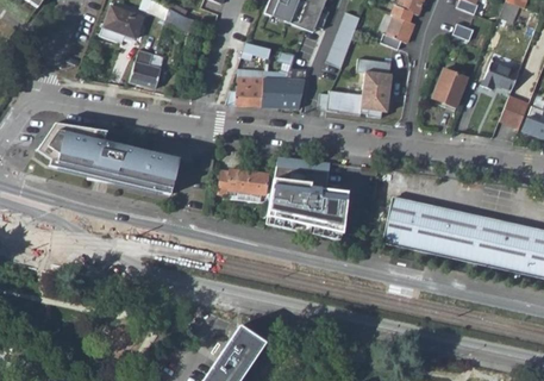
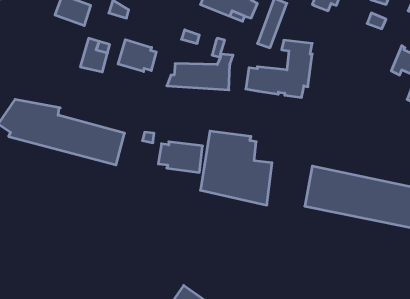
building: [380,14,414,49] -> none
building: none -> [118,40,156,72]
building: [432,70,468,112] -> none

